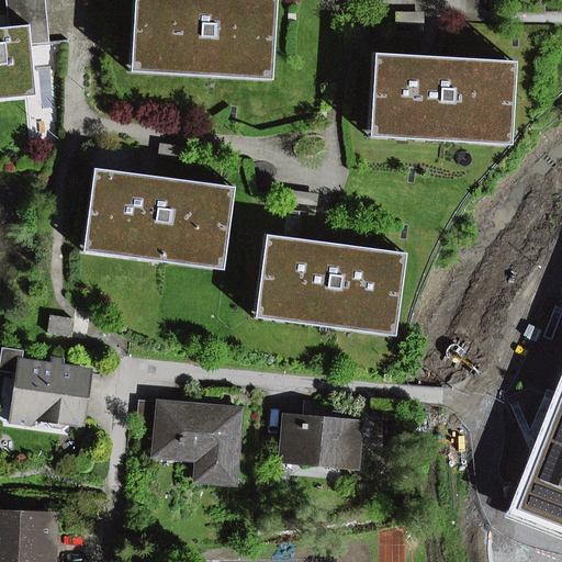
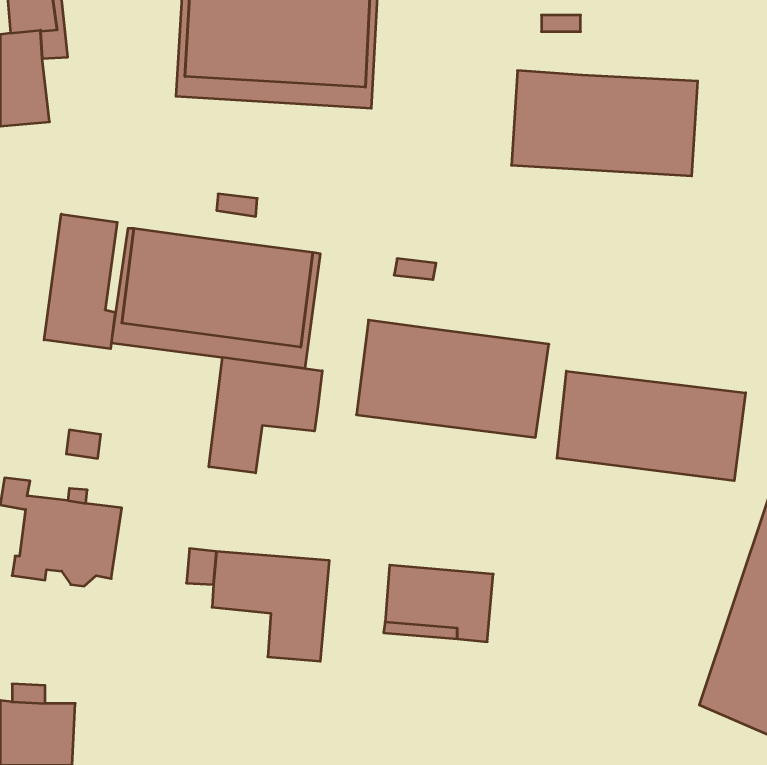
building: [368,52,515,144] -> none
building: none -> [44,214,117,349]
building: [254,233,406,335] -> none
building: none -> [209,357,322,473]
building: none -> [557,371,746,481]

